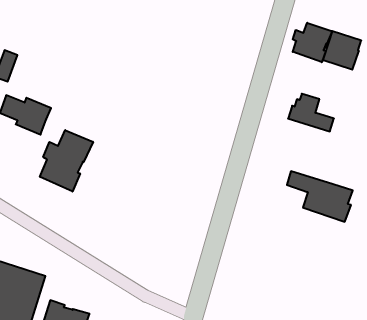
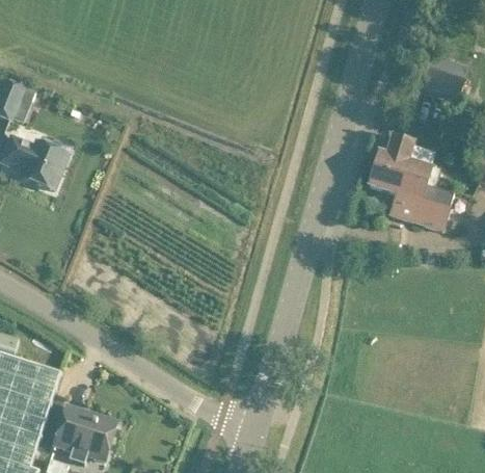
building: [293,23,332,62] -> none
building: [40,130,93,192] -> none
building: [287,171,353,222] -> [369,167,454,233]

